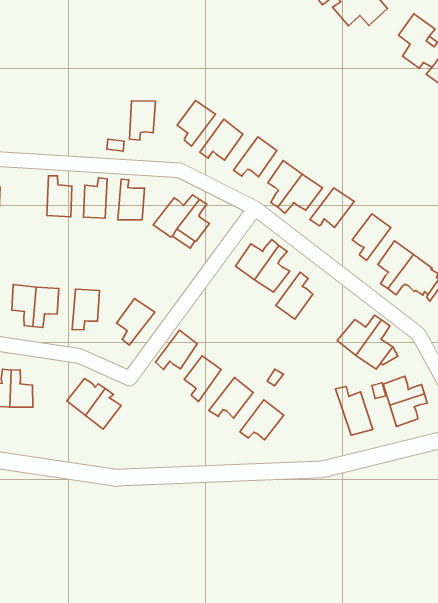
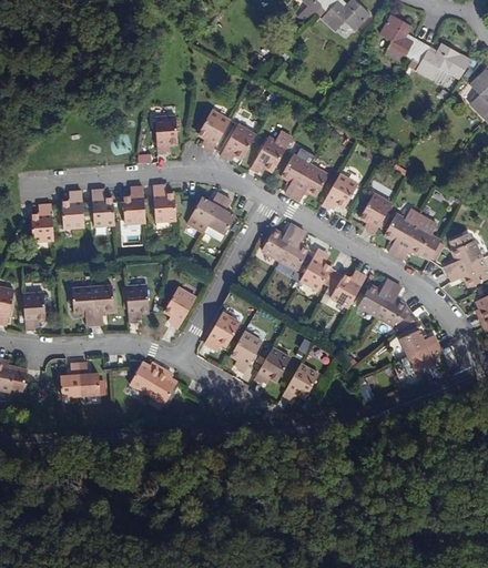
building: none -> [61,192,84,227]
building: none -> [331,273,366,307]
building: [336,387,373,435] -> none

